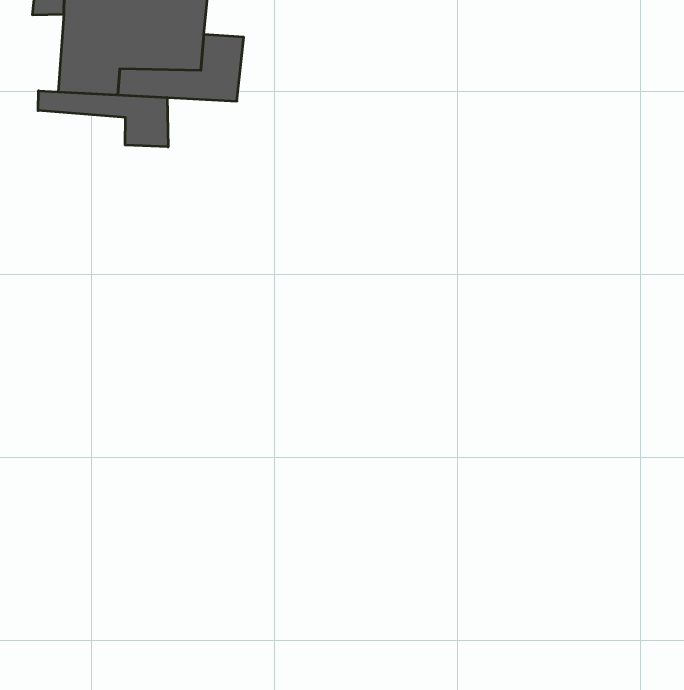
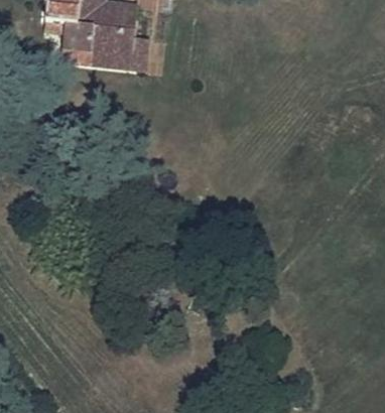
building: [38,91,168,147] -> none

